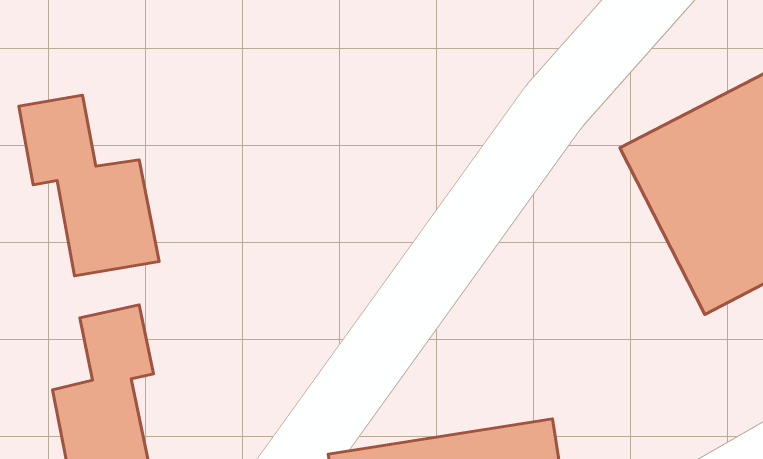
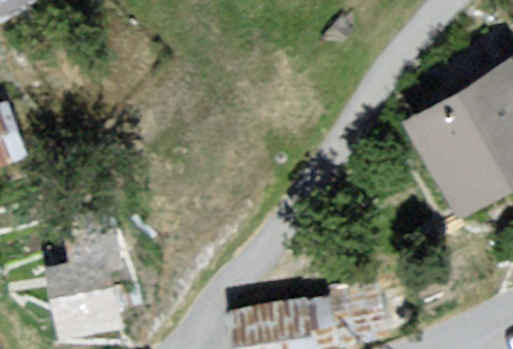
building: [19,95,159,276] -> none

